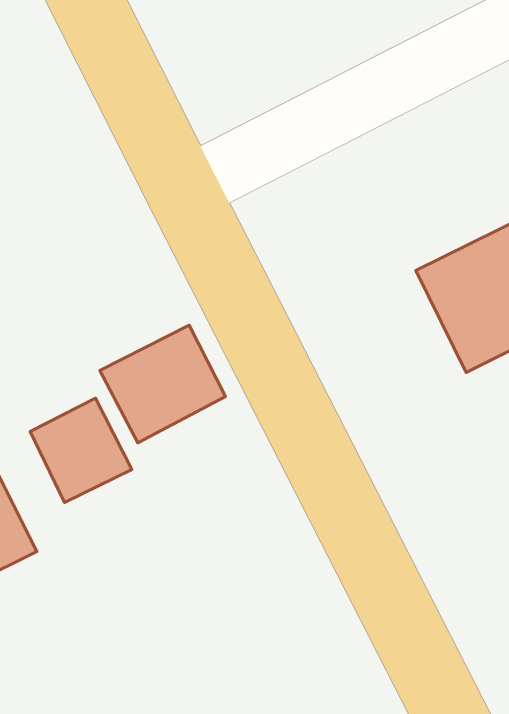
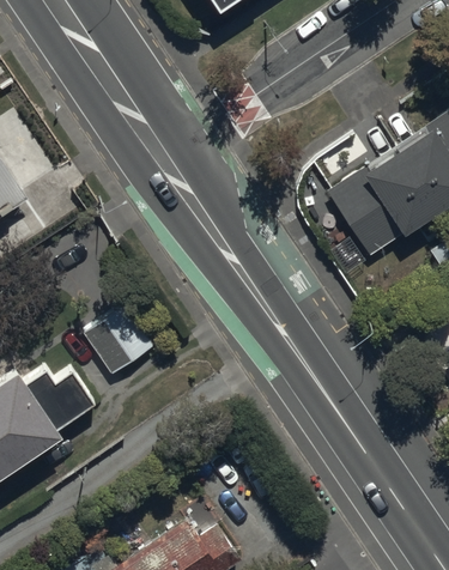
building: [100,325,225,443] -> none

